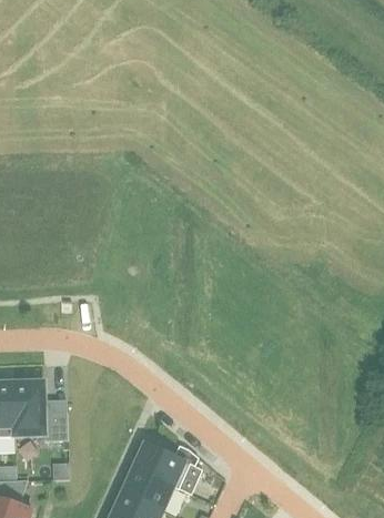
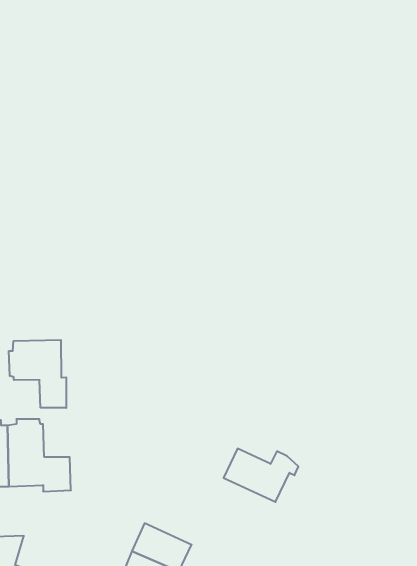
building: none -> [9,340,66,408]
building: [132,443,198,489] -> [224,449,298,502]

